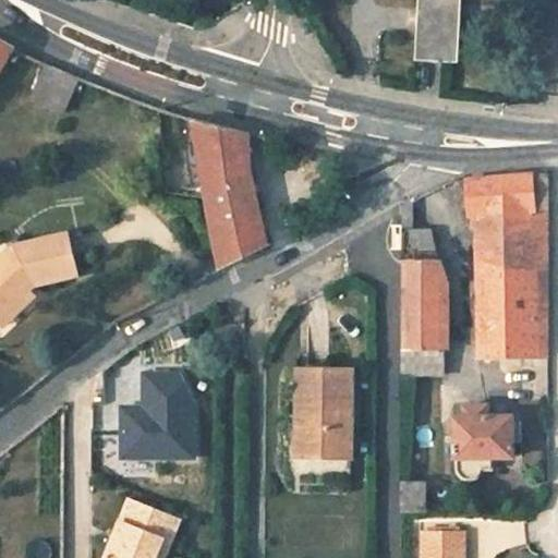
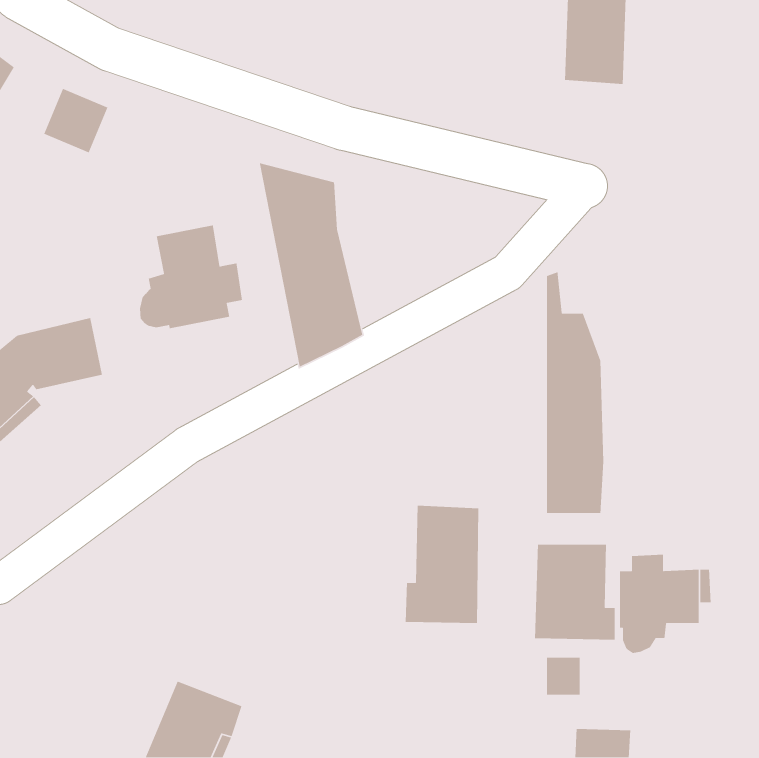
building: none -> [139,224,243,329]
building: [465,172,547,400] -> none
building: [123,369,199,459] -> none
building: none -> [534,544,616,641]

